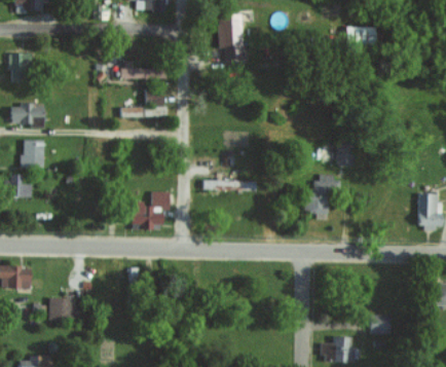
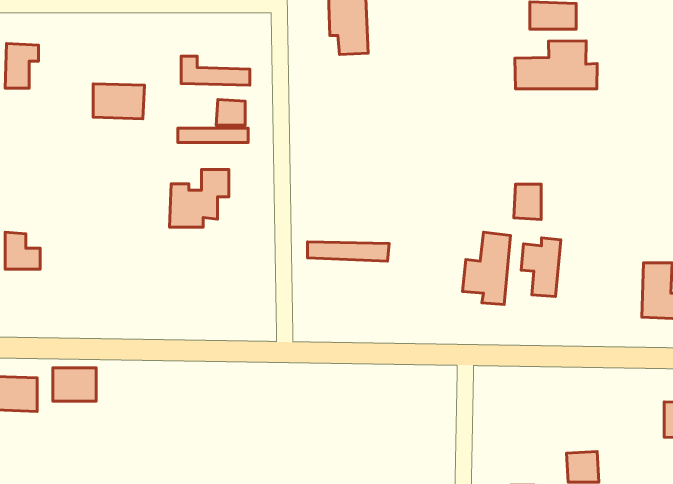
building: none -> [515,41,597,89]
building: [11,103,44,125] -> [93,84,144,119]
building: [21,139,44,168] -> none
building: none -> [521,238,561,297]
building: [131,192,169,229] -> [169,170,229,227]
building: [48,298,76,320] -> [53,368,96,401]

